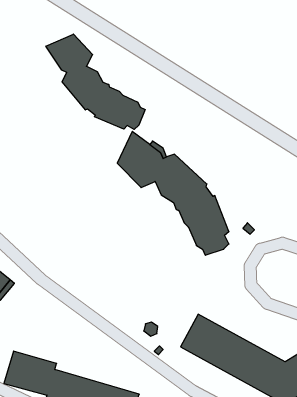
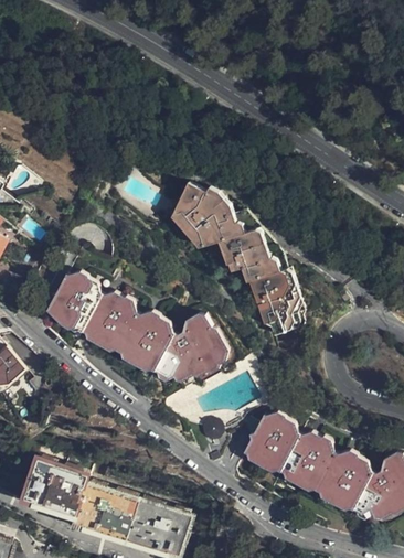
building: [46,34,145,129] -> none
building: none -> [43,270,225,382]

